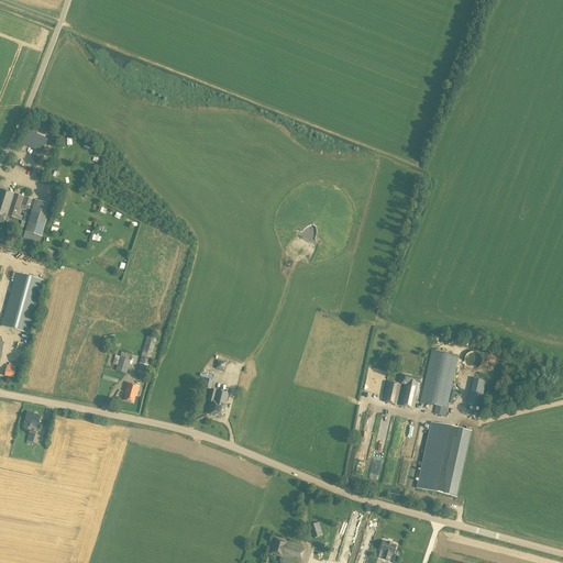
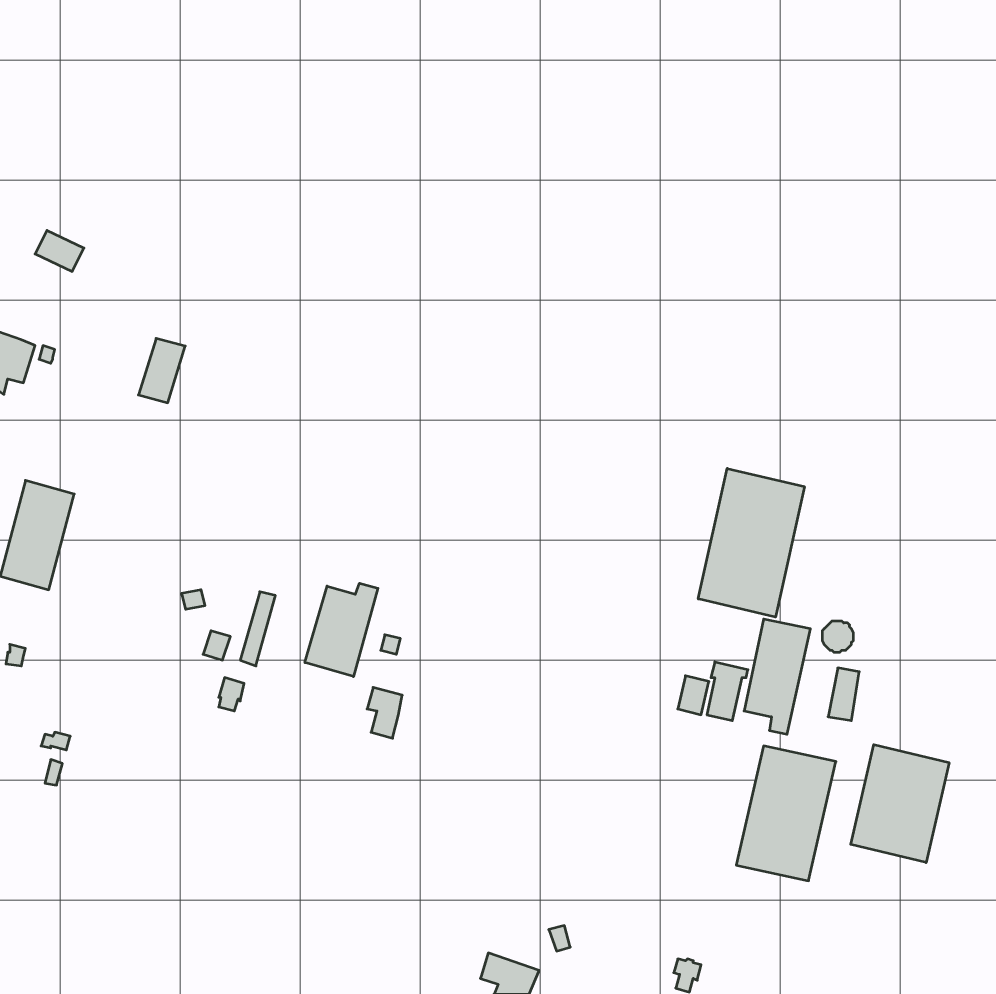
building: [24,198,51,234] -> [138,338,185,403]
building: none -> [698,468,804,617]
building: none -> [305,583,378,677]
building: none -> [851,745,949,863]

